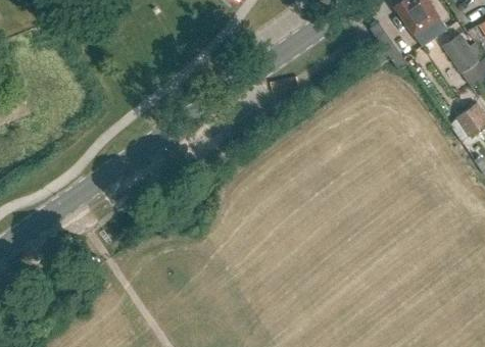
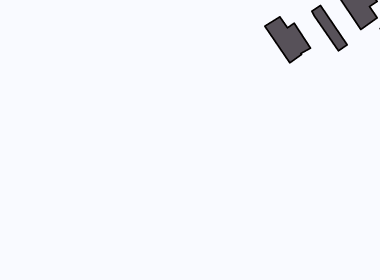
building: none -> [265,17,311,63]

